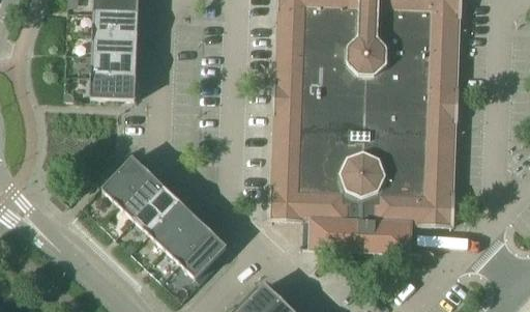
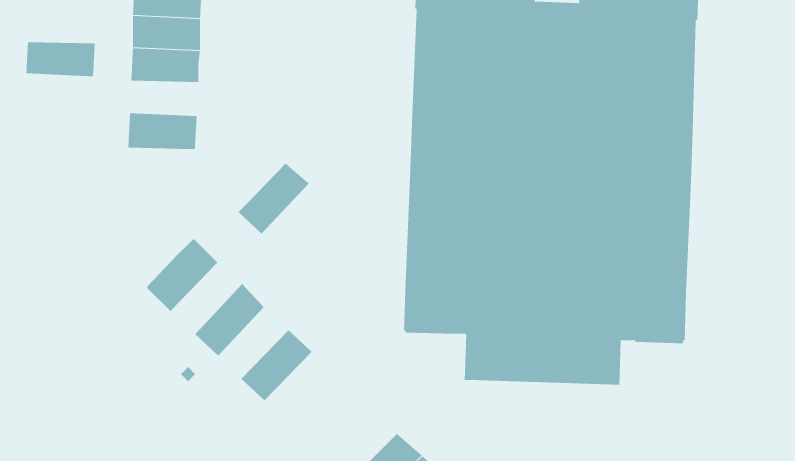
building: [91,53,137,76] -> [25,42,96,77]
building: [118,171,165,218] -> [238,163,309,234]
building: [149,200,195,247] -> none
building: [179,229,226,277] -> none

